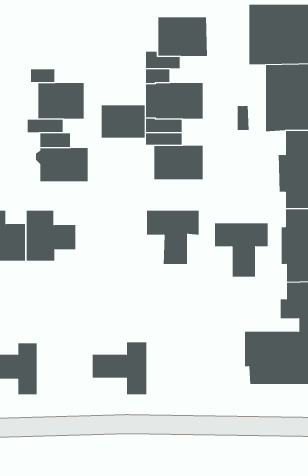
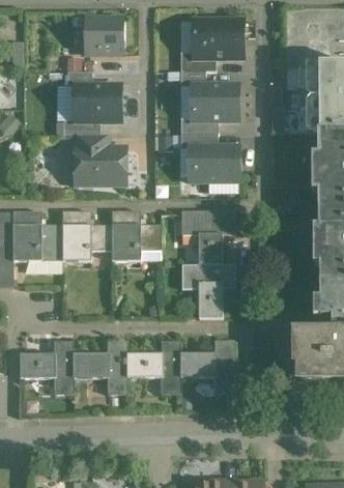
building: none -> [84,18,123,53]
building: [101,104,145,139] -> none
building: none -> [112,210,162,260]
building: [214,223,268,277] -> [181,264,235,318]
building: none -> [182,340,235,394]
building: none -> [74,341,127,394]

